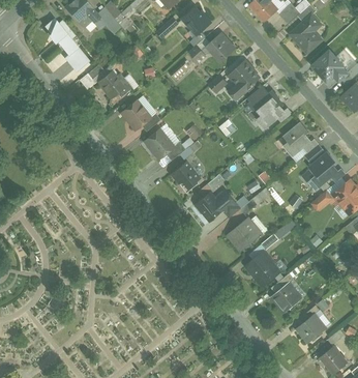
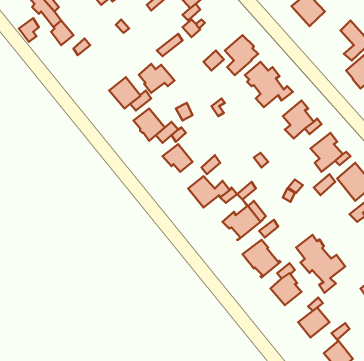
building: [208,33,235,62] -> none
building: [308,49,348,88] -> none
building: [98,71,131,98] -> [139,64,174,93]
building: none -> [296,235,345,293]

